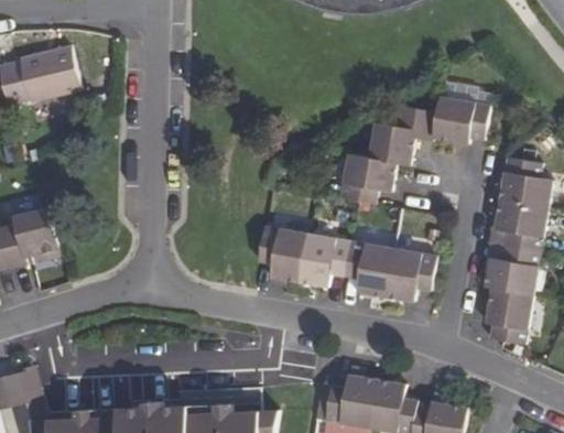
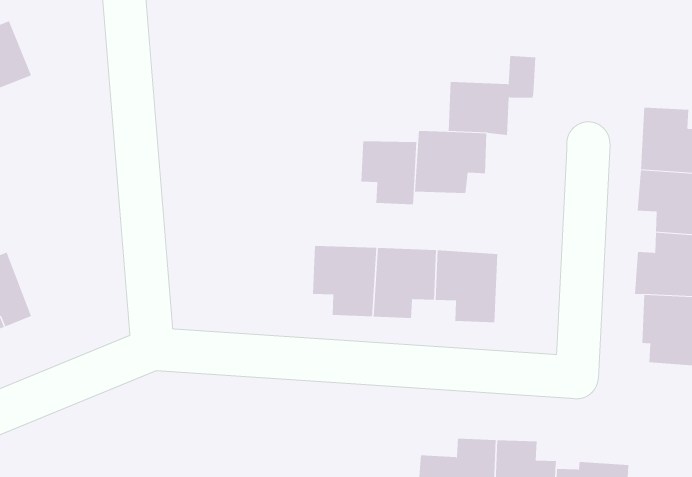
building: [432,97,489,145] -> none
building: none -> [361,141,417,205]
building: [386,249,437,302] -> none

